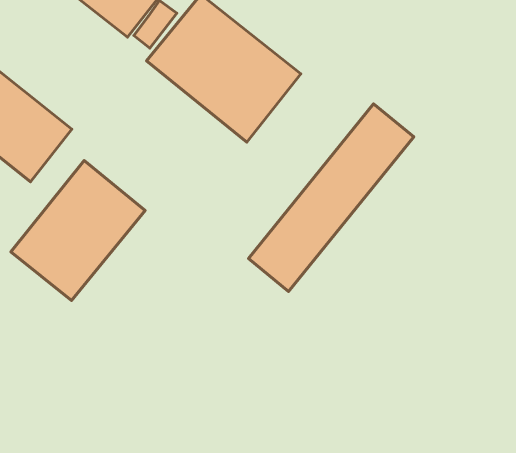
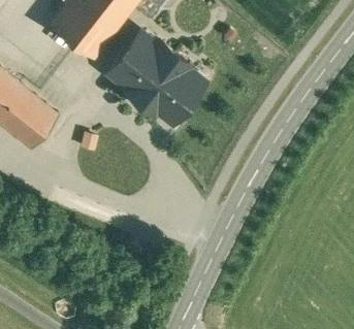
building: [248,104,414,291] -> none
building: [11,160,145,300] -> none

